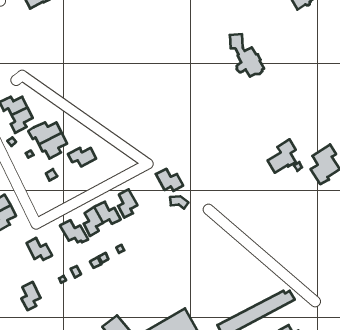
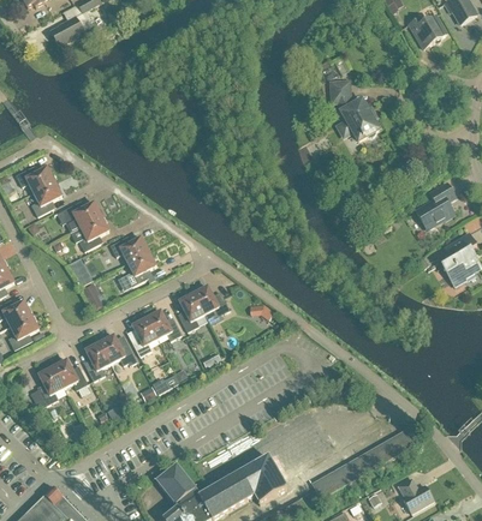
building: [268,139,296,173] -> [416,182,454,228]
building: none -> [125,251,155,286]
building: [156,169,183,191] -> [192,286,230,316]
building: none -> [84,342,111,381]
building: [21,282,41,310] -> [37,366,64,405]

